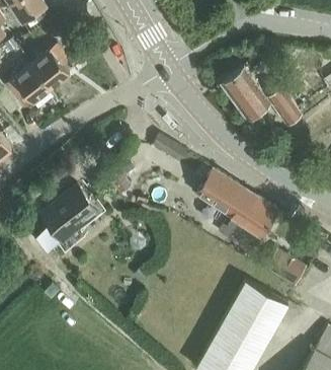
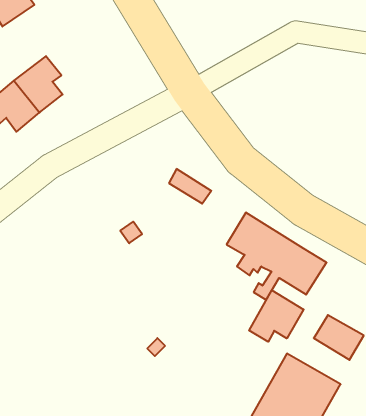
building: [222,68,301,125] -> none
building: [35,188,98,252] -> none
building: none -> [249,290,304,342]

